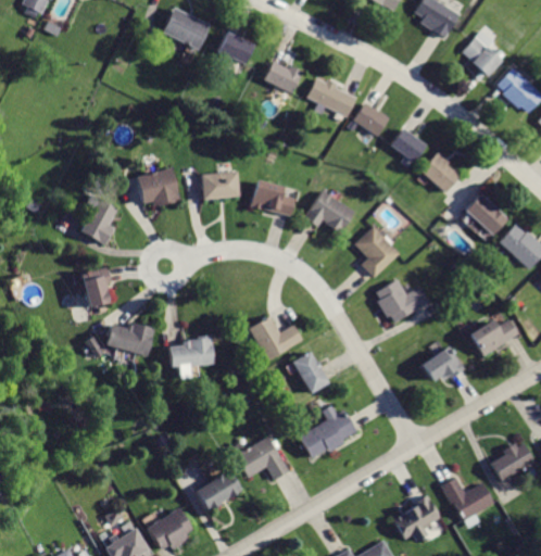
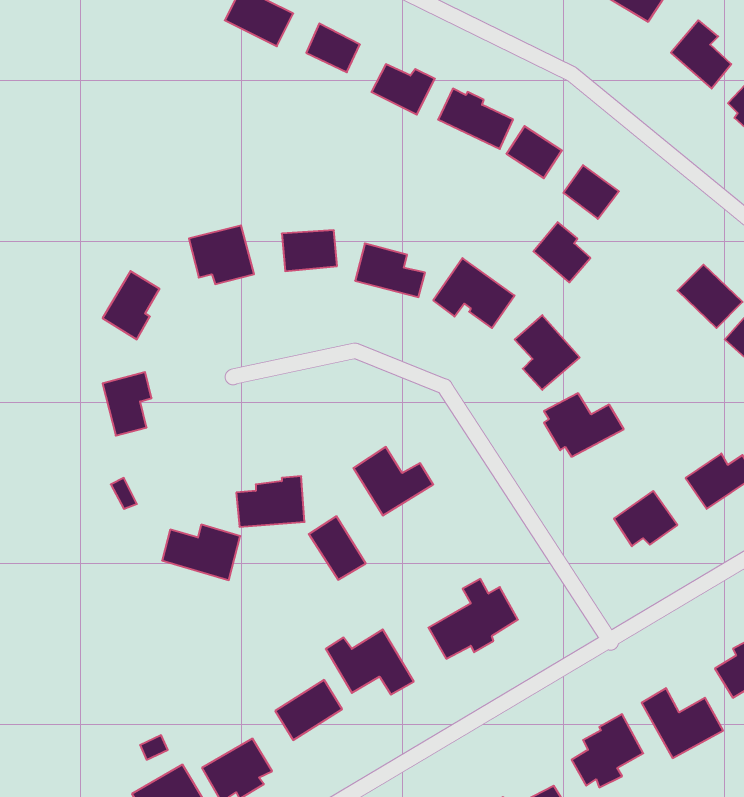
building: [420,152,458,192] -> [533,222,590,282]
building: [105,320,158,357] -> [162,525,240,580]
building: [290,350,328,392] -> [309,516,366,580]

